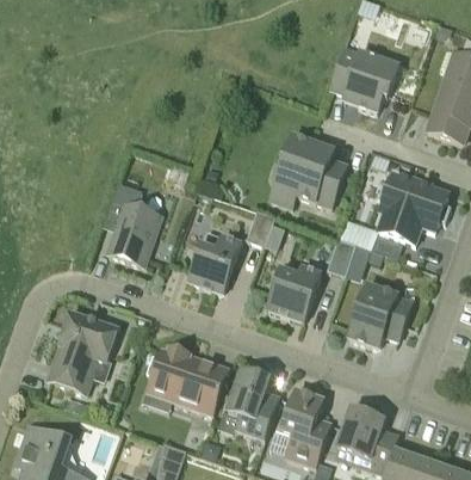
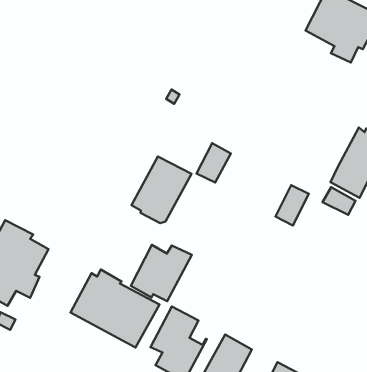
building: [269,134,347,208] -> none
building: [109,180,161,265] -> none
building: [268,264,322,318] -> [131,245,192,301]
building: [349,281,413,346] -> none

